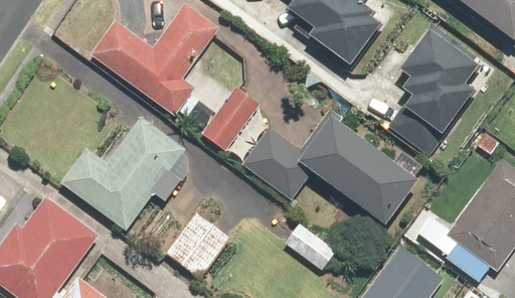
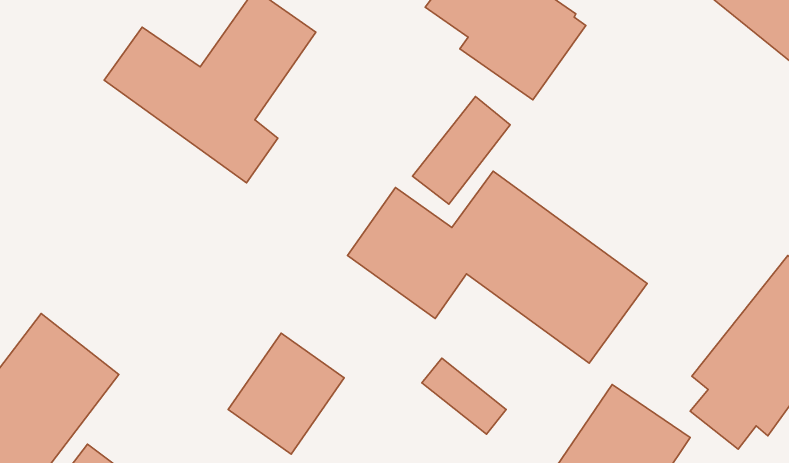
building: [399,23,480,136] -> none
building: [200,85,260,150] -> [413,97,510,204]
building: [60,115,200,230] -> none

